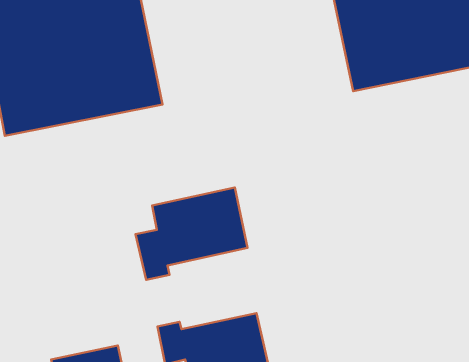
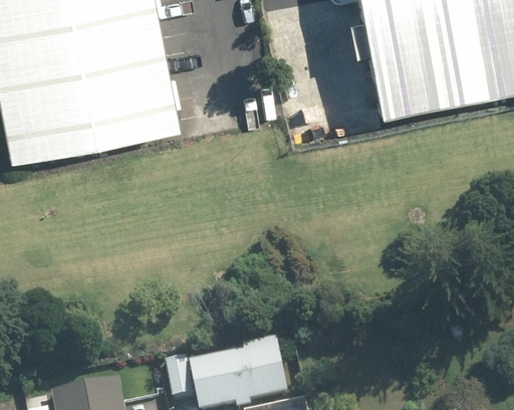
building: [135,188,247,280] -> none

